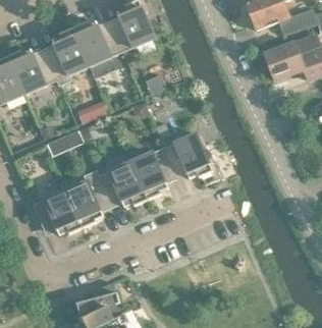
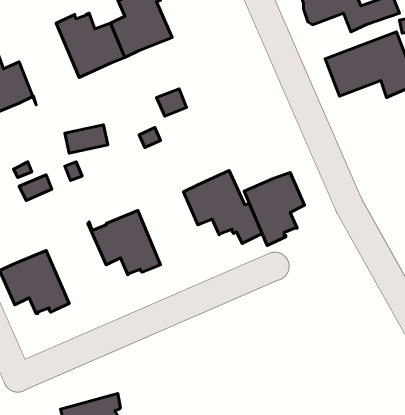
building: [46,28,89,86] -> none
building: [130,148,173,200] -> [244,172,304,245]
building: [65,170,108,227] -> none

